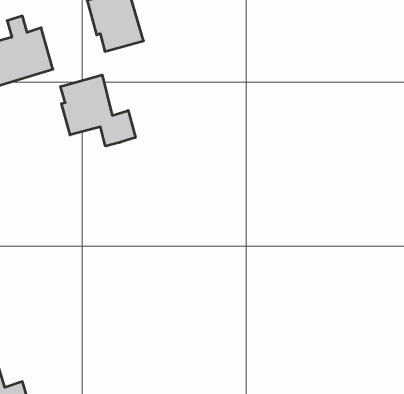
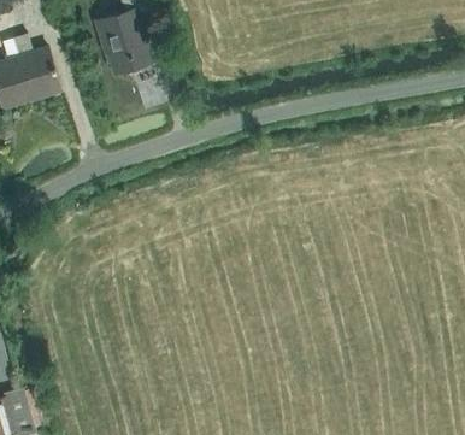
building: [61,75,135,146] -> none

